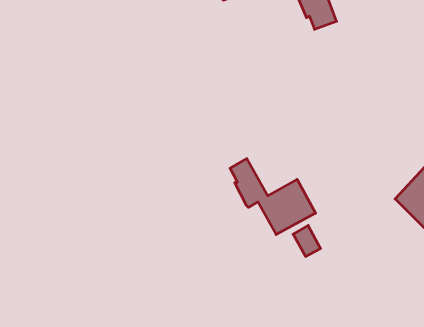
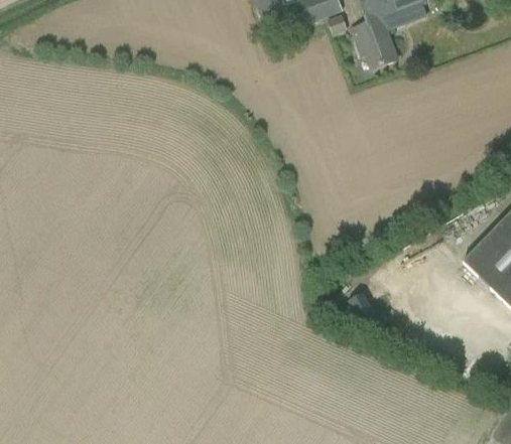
building: [230,159,316,235] -> none

